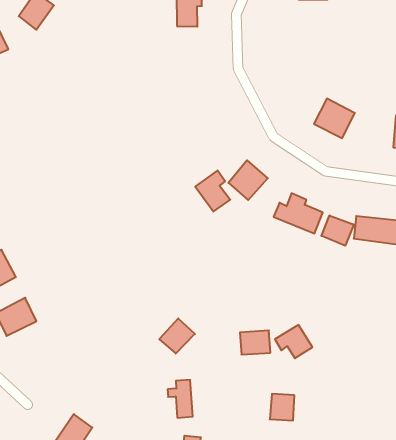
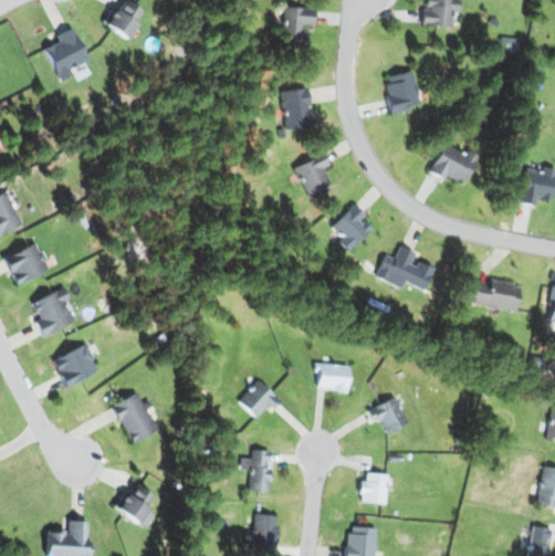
building: none -> [385,72,421,113]
building: none -> [284,90,311,128]
building: [195,170,230,212] -> [293,151,332,198]
building: [321,215,354,246] -> none
building: [240,330,270,355] -> [317,364,350,389]
building: none -> [118,392,159,441]

